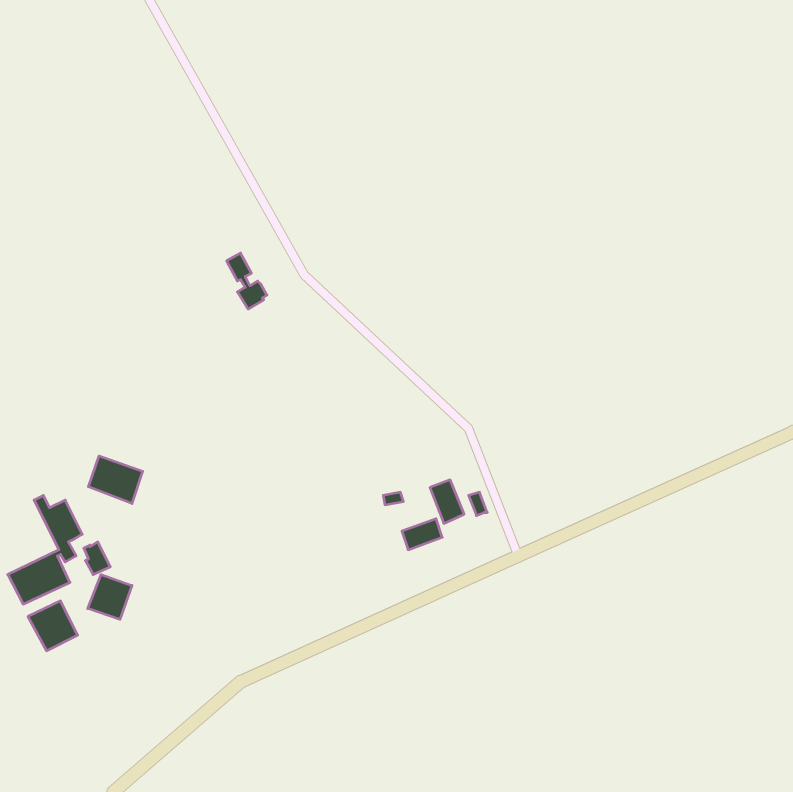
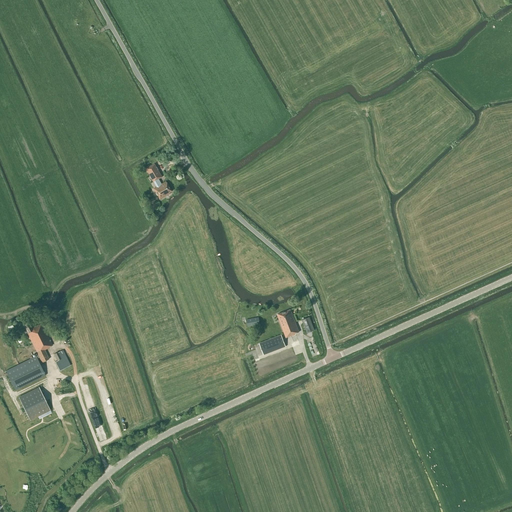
building: [88,456,143,504] -> none
building: [88,575,132,619] -> none

